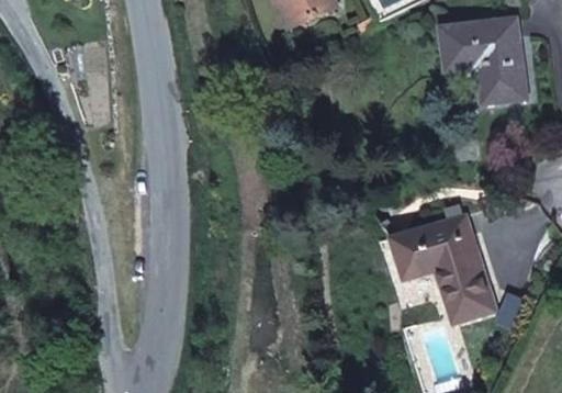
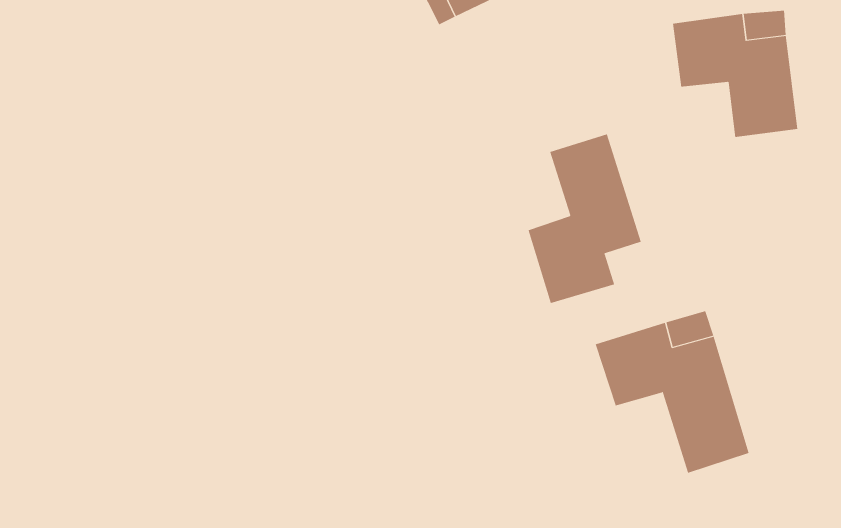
building: none -> [528,133,641,304]

